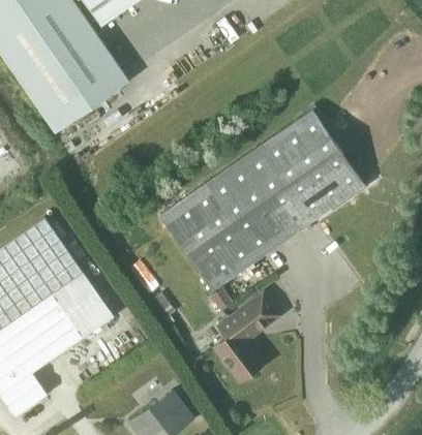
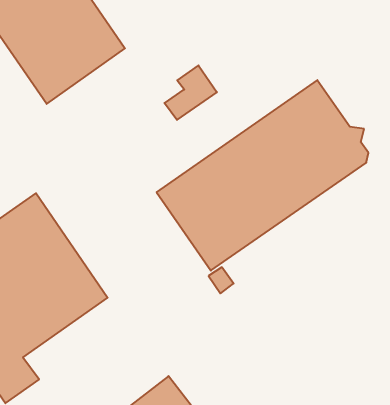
building: none -> [164,65,217,120]
building: [213,291,281,382] -> none

